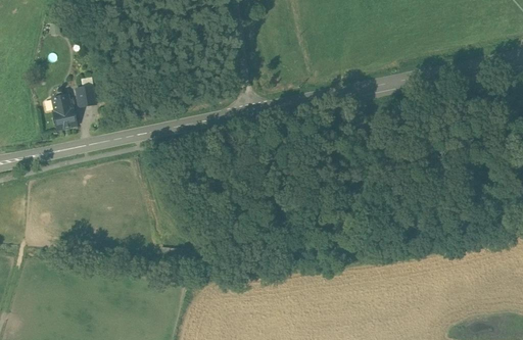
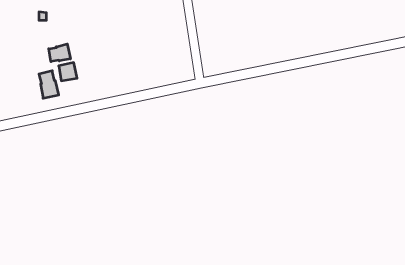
building: none -> [49,44,70,62]

